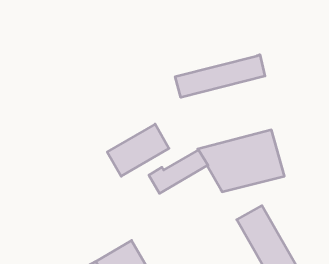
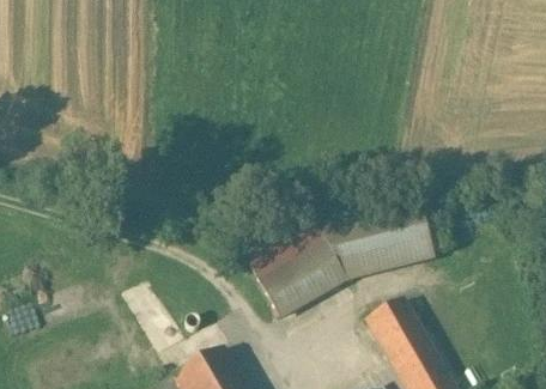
building: [175,55,265,97] -> none
building: [107,124,169,176] -> [259,243,344,315]

